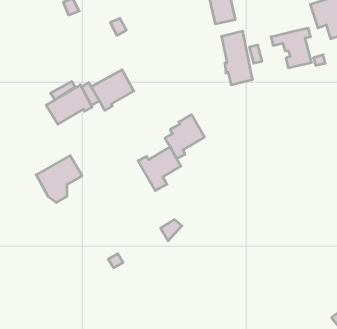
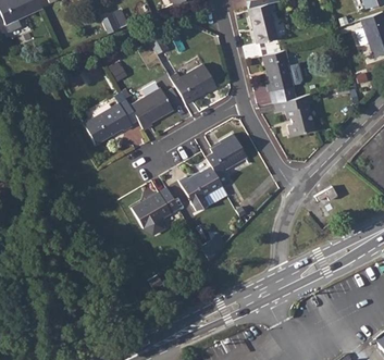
building: [271,28,312,68] -> [272,95,313,135]
building: none -> [171,64,216,103]
building: [36,156,82,203] -> [132,188,178,236]

